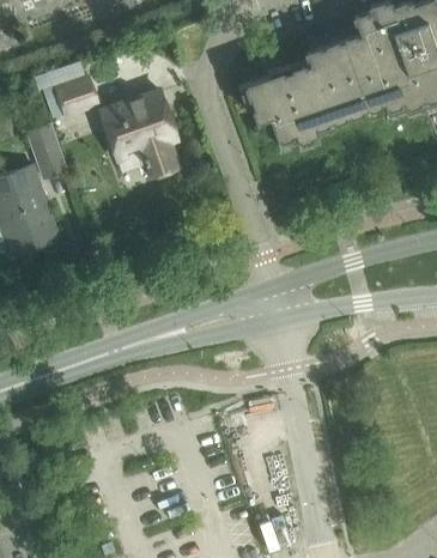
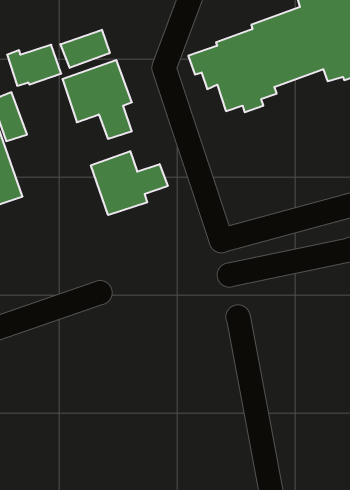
building: none -> [60,30,110,68]
building: none -> [91,151,168,215]

